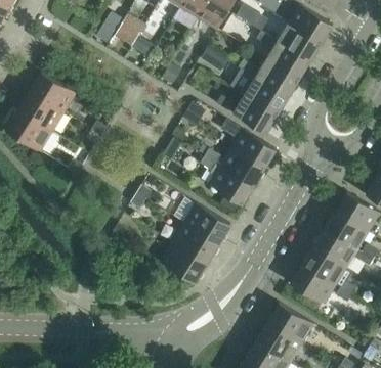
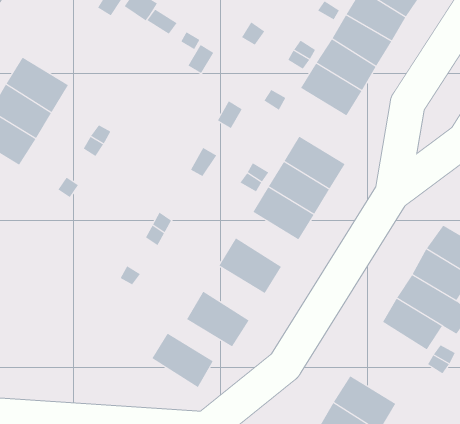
building: [232,94,278,133] -> none
building: [173,223,218,263] -> [152,333,214,388]
building: [291,264,336,304] -> none

